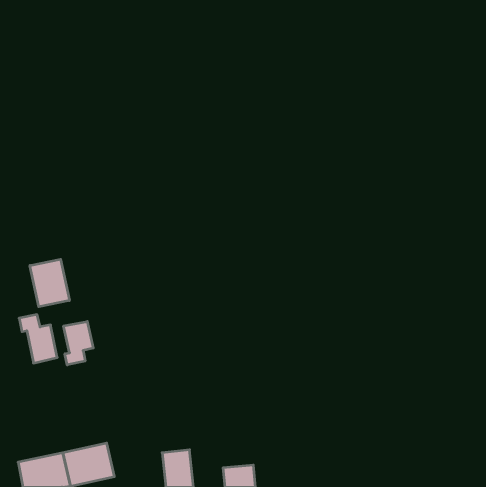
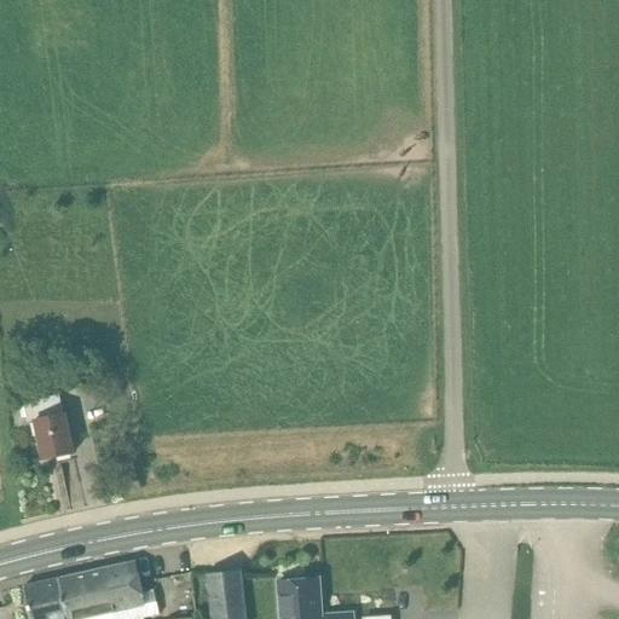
building: [30,259,69,307] -> none
building: [64,321,93,365] -> none

